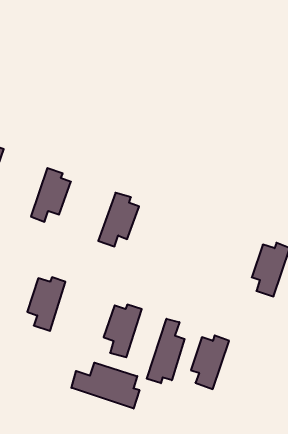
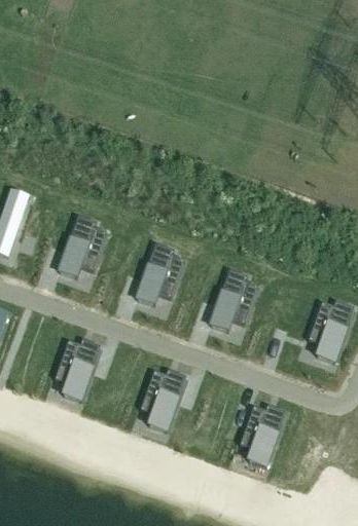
building: none -> [208,271,255,333]
building: [147,319,185,383] -> none
building: [71,363,139,409] -> none

